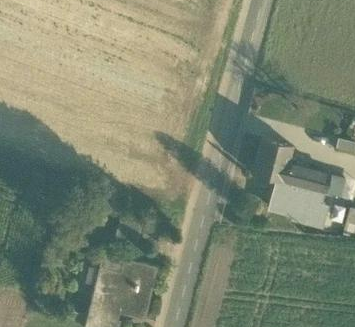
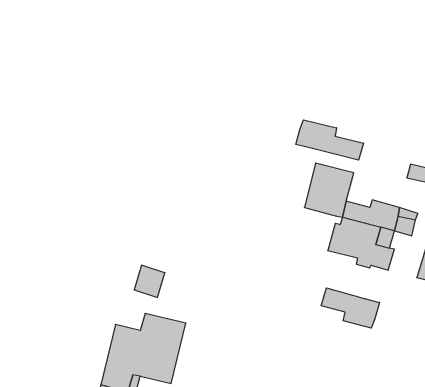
building: none -> [296,120,363,160]
building: none -> [321,288,379,328]

